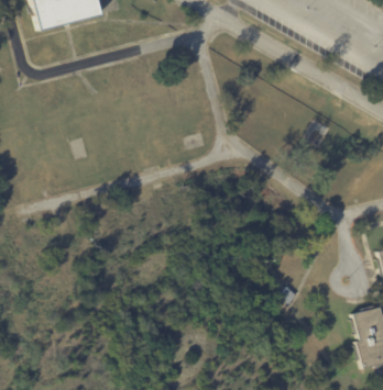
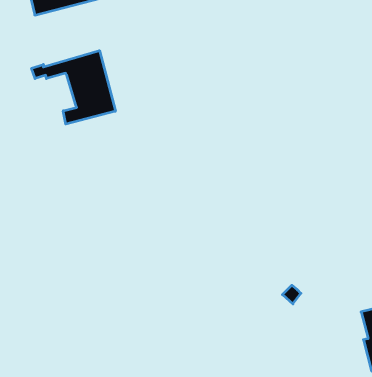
building: none -> [32,51,115,124]

